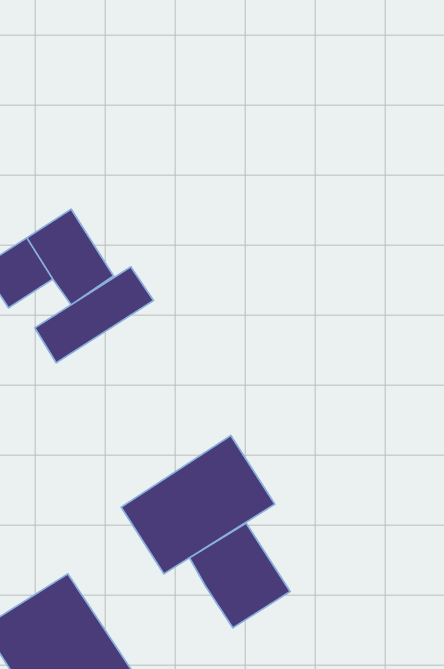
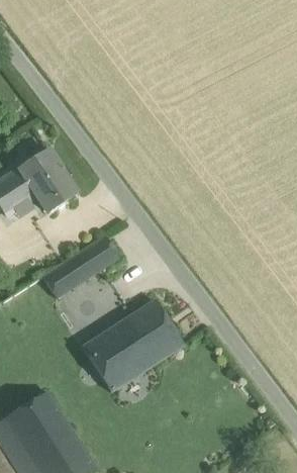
building: [35,267,154,363] -> [41,235,120,299]
building: [190,523,290,628] -> none

